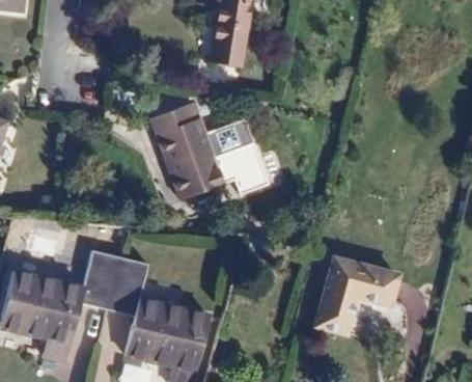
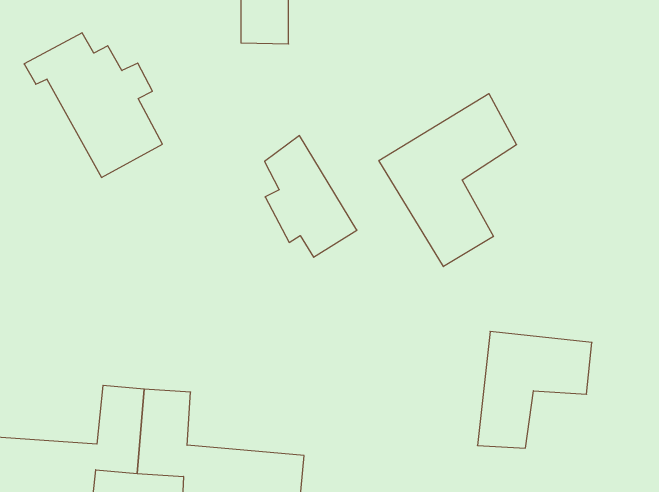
building: [145,107,222,197] -> [24,33,162,177]
building: none -> [379,94,517,267]

